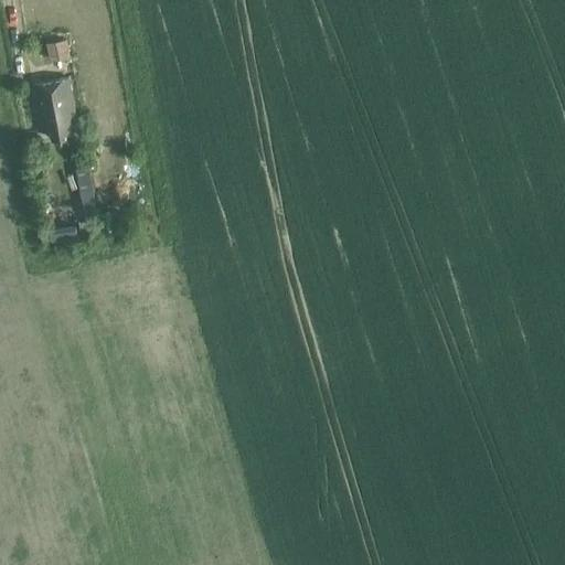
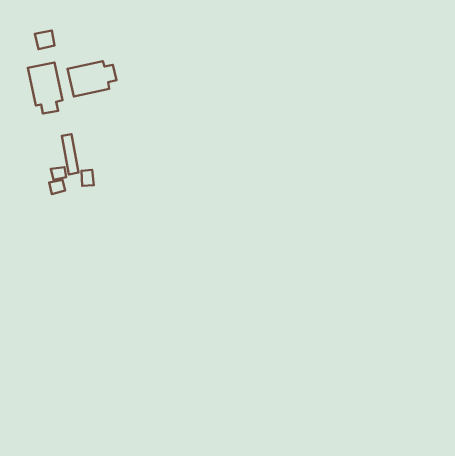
building: none -> [68,61,117,96]

